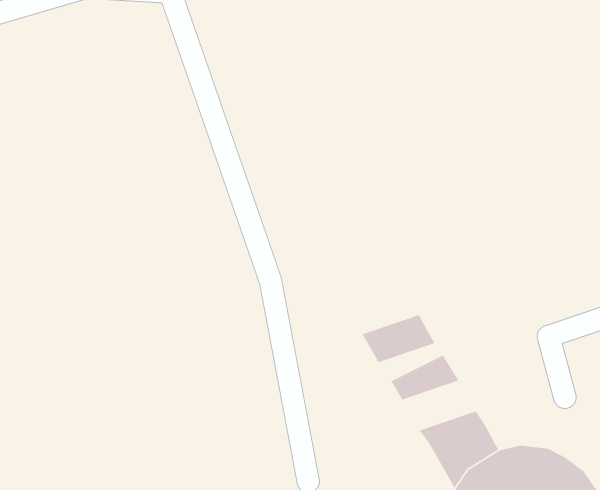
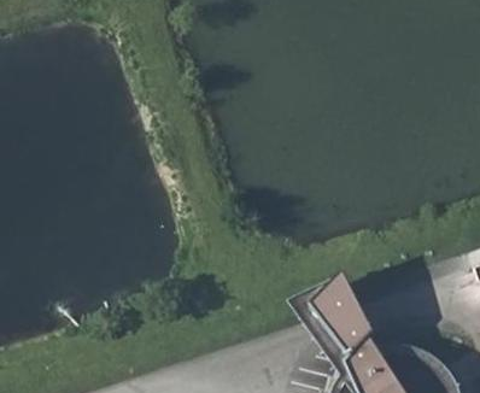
building: [362,314,436,363] -> [312,300,367,336]

